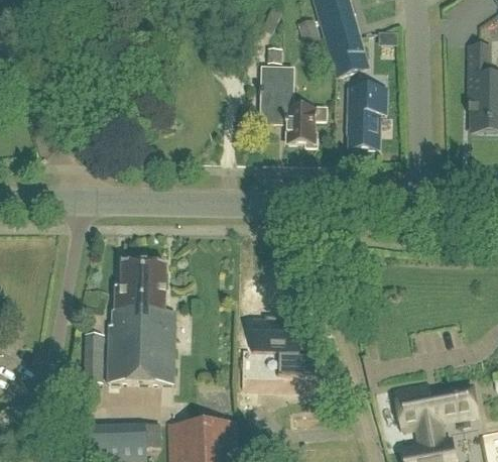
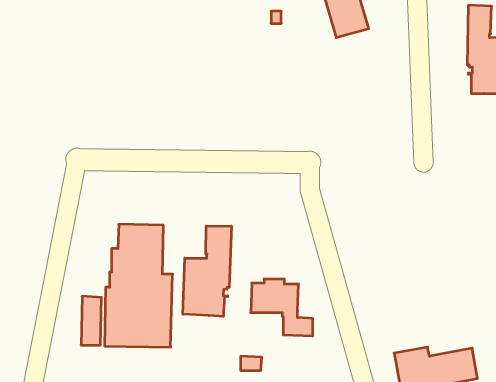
building: [261,67,327,146] -> none
building: [348,87,387,147] -> none
building: none -> [183,226,231,316]

